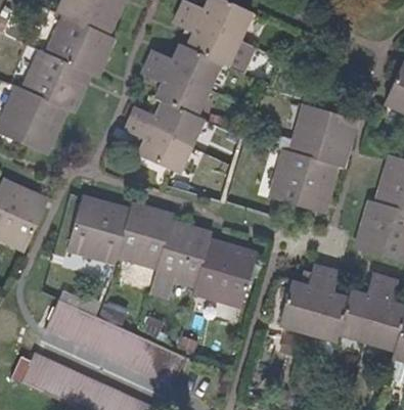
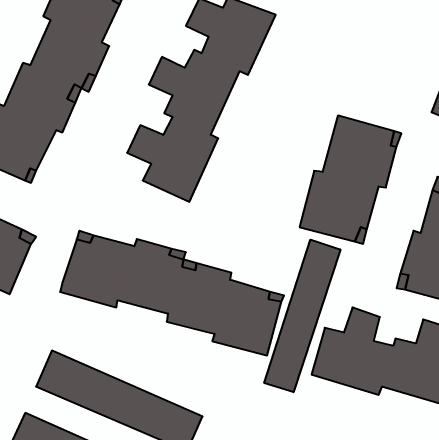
building: none -> [264,240,340,392]

